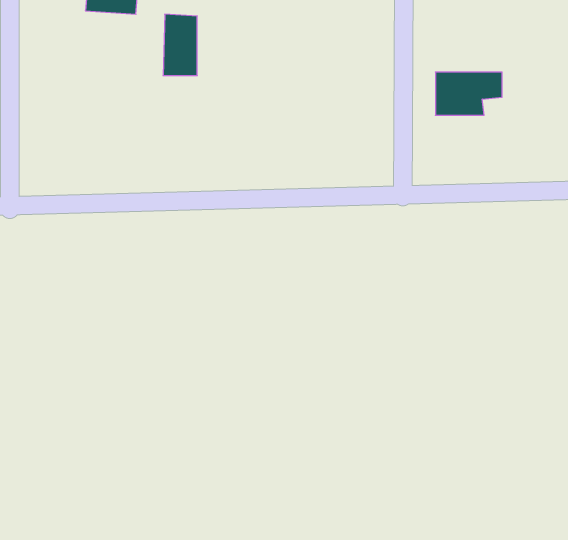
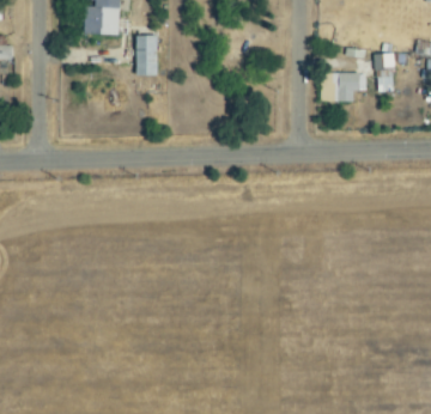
building: none -> [372,53,391,93]

